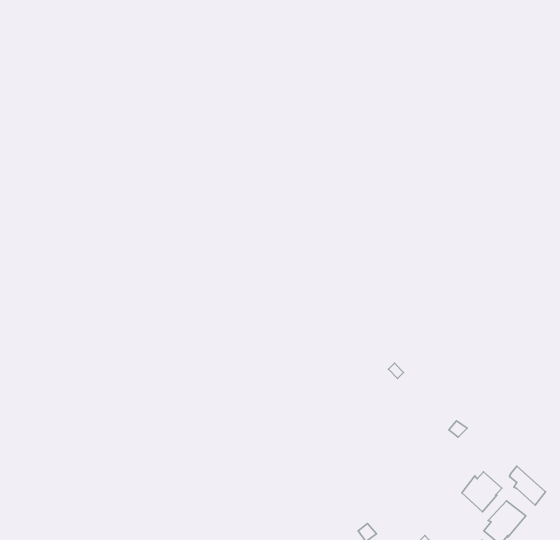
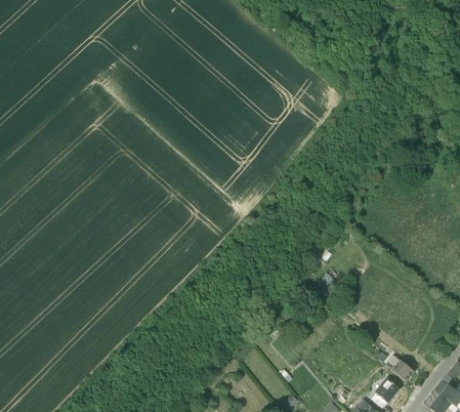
building: [462,472,502,512] -> none

